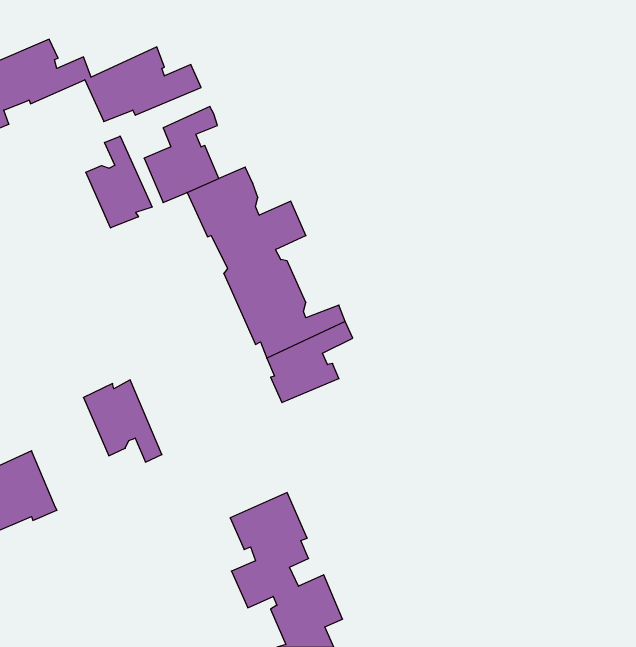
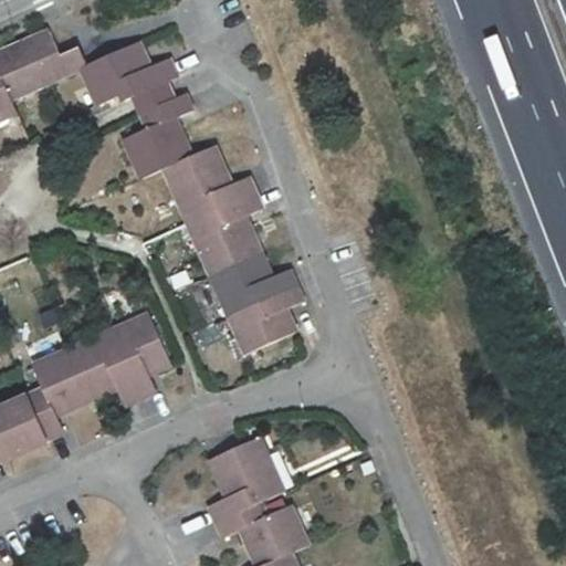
building: [86,136,152,228] -> none
building: none -> [114,312,171,397]
building: none -> [28,347,95,441]

